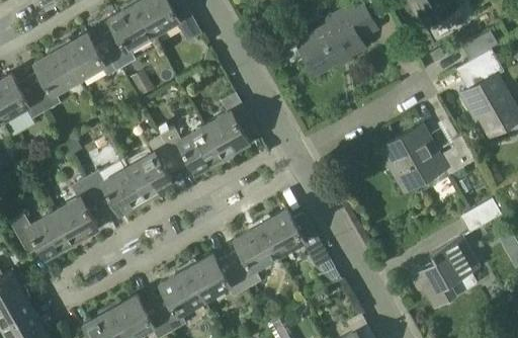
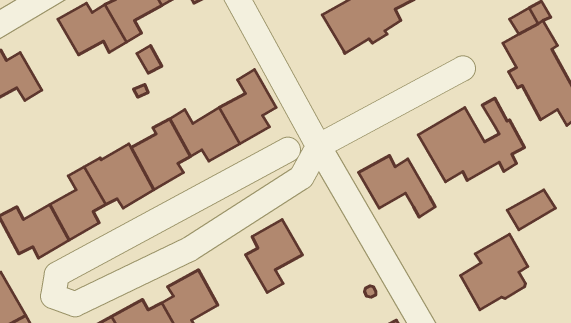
building: [27,48,79,110] -> none
building: [259,209,327,264] -> [359,155,435,217]
building: [185,254,246,301] -> none

